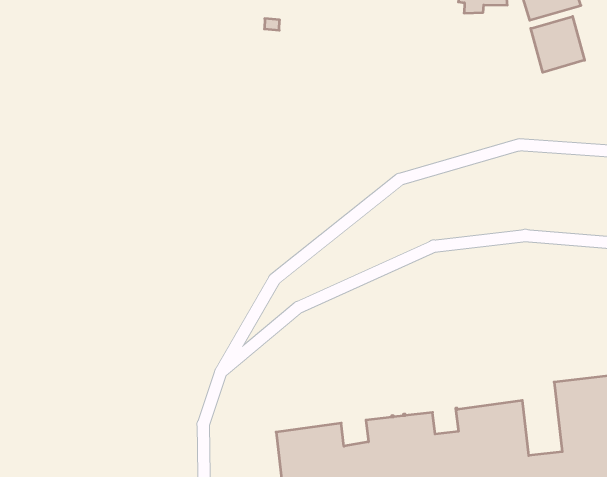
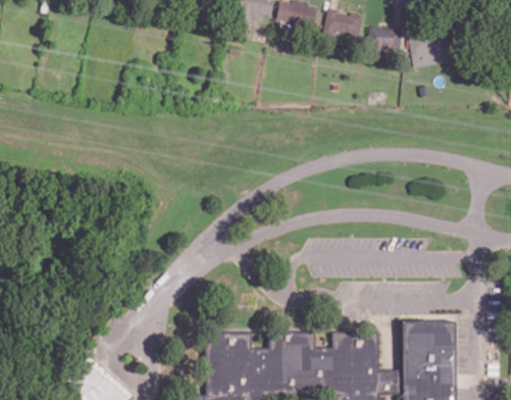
building: [531,16,585,72] -> none

